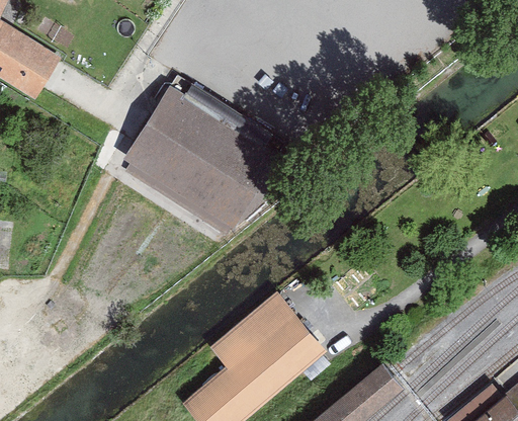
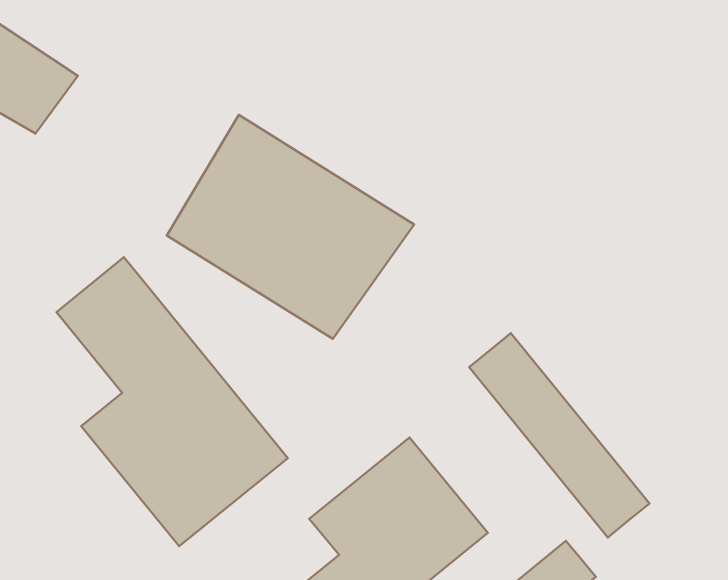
building: none -> [56,257,288,546]
building: none -> [469,333,650,537]

